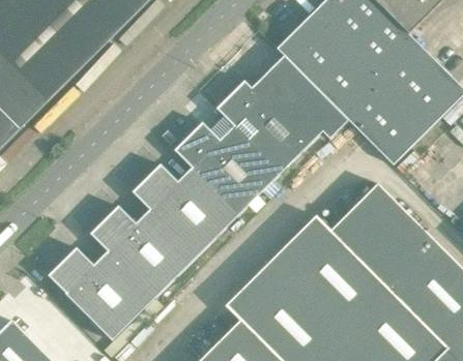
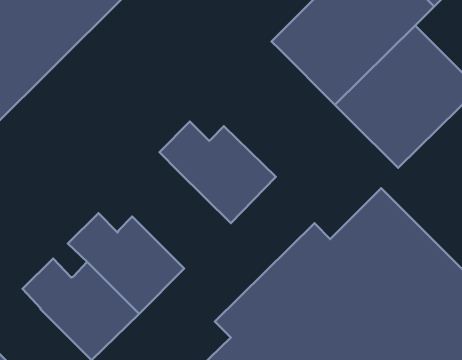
building: [216,56,348,173] -> none
building: [133,164,239,257] -> none

